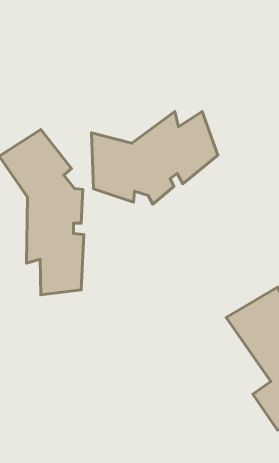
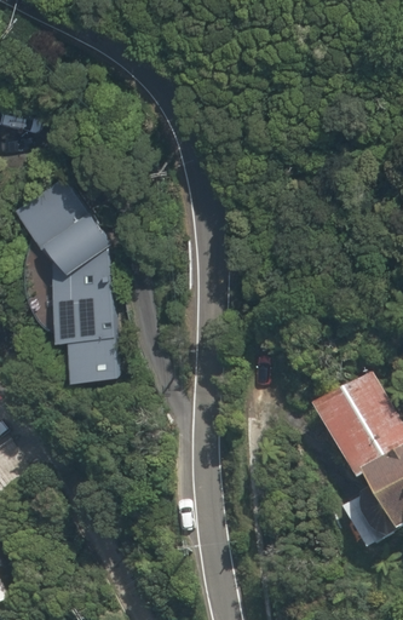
building: [91,111,218,204] -> none

